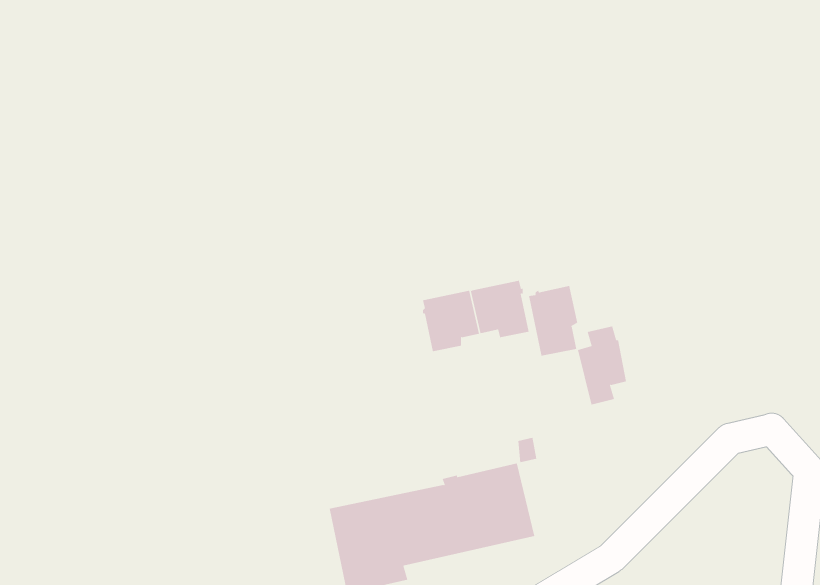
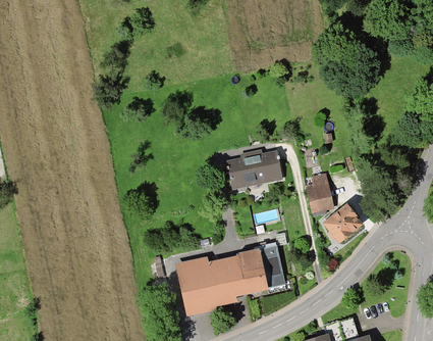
building: [528,285,578,357] -> none
building: none -> [324,205,360,241]

